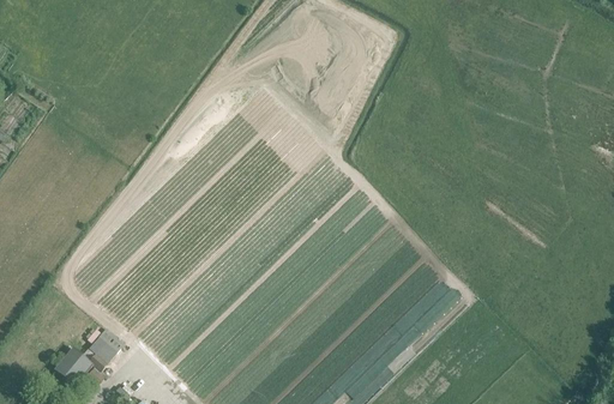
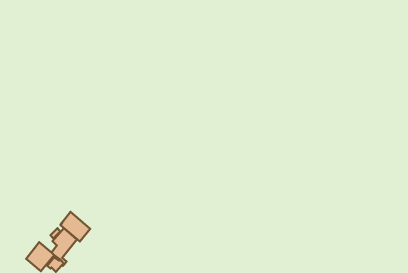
building: none -> [60,212,90,241]

